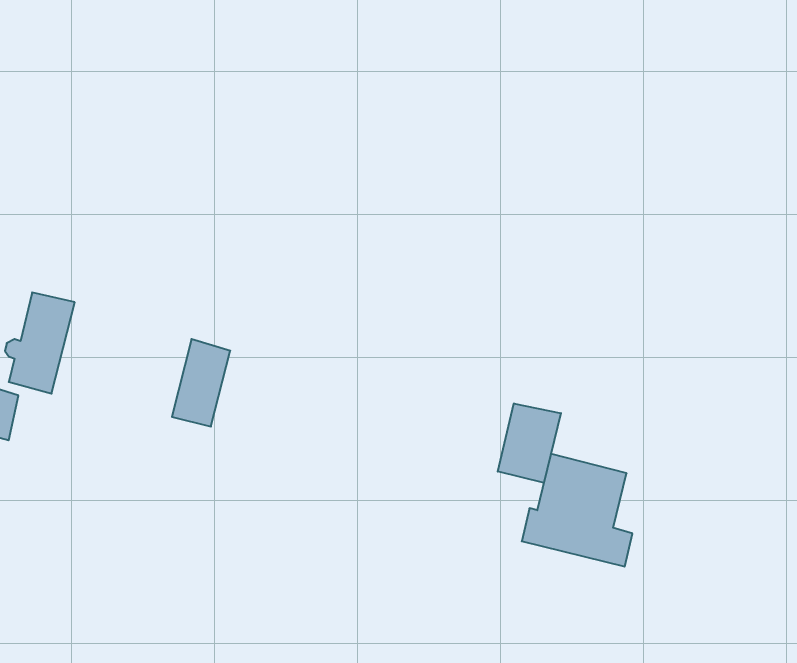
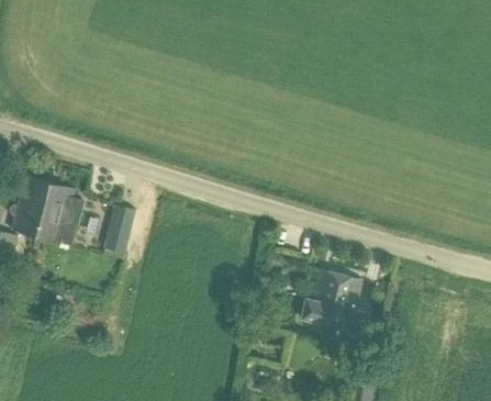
building: none -> [34,182,83,244]
building: [498,403,561,483] -> none

